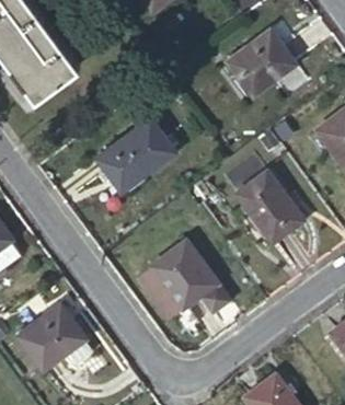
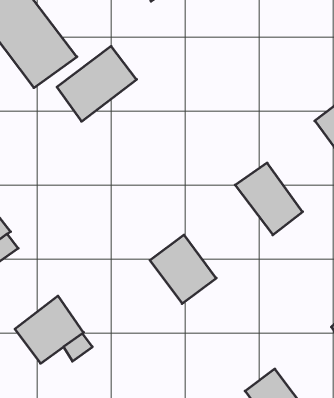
building: [227,31,295,96] -> none
building: [95,118,174,193] -> [57,46,137,121]

